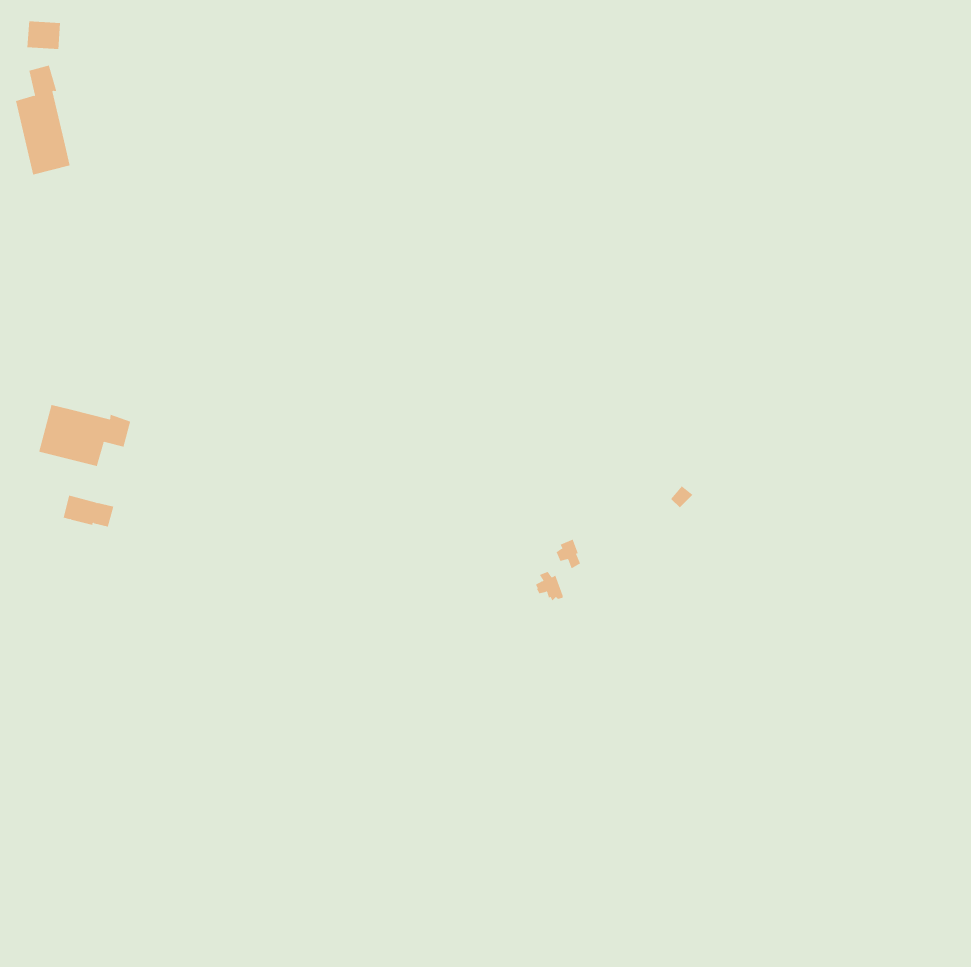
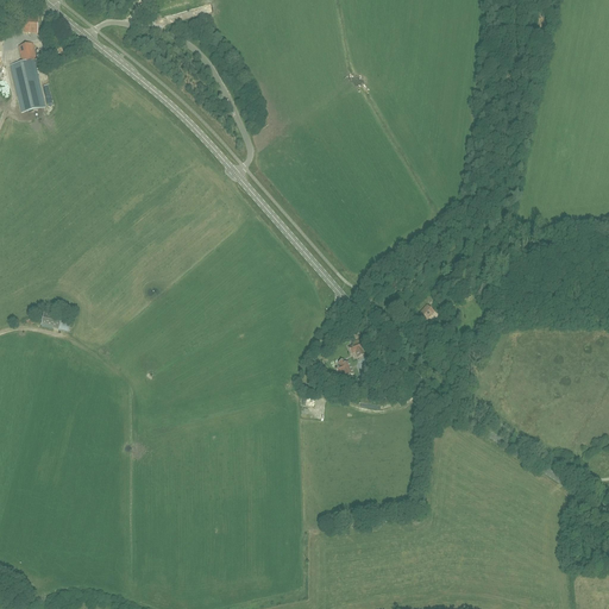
building: [38,404,131,467] -> none

